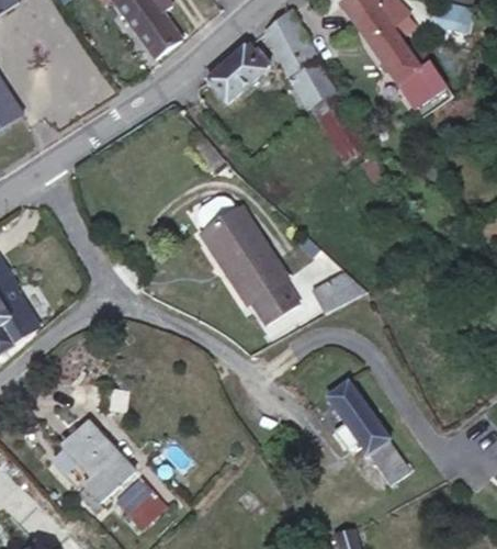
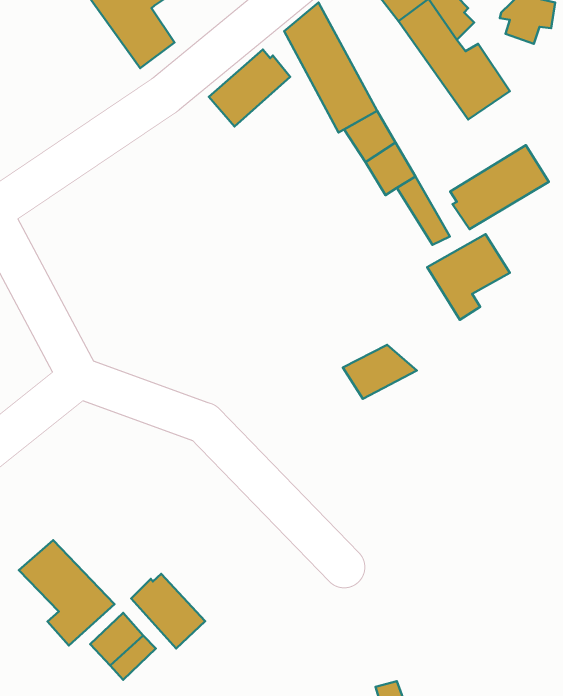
building: none -> [450,145,549,229]
building: none -> [427,234,510,320]
building: [199,195,298,323] -> none
building: [305,351,411,484] -> none
building: none -> [131,574,205,649]

